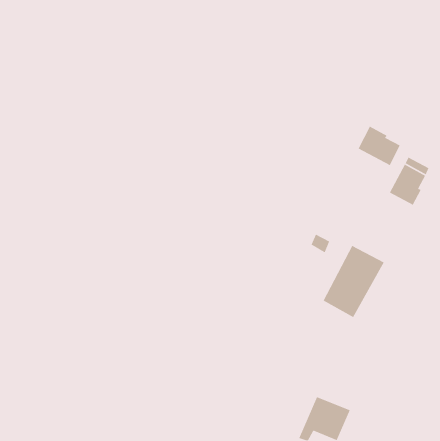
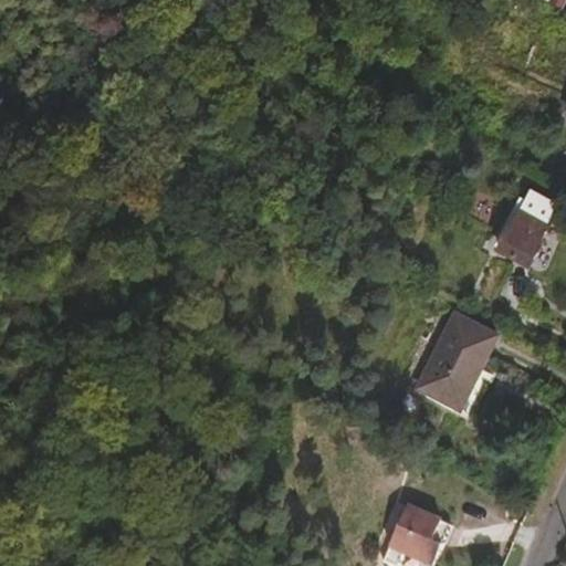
building: [357,126,401,166] -> none

